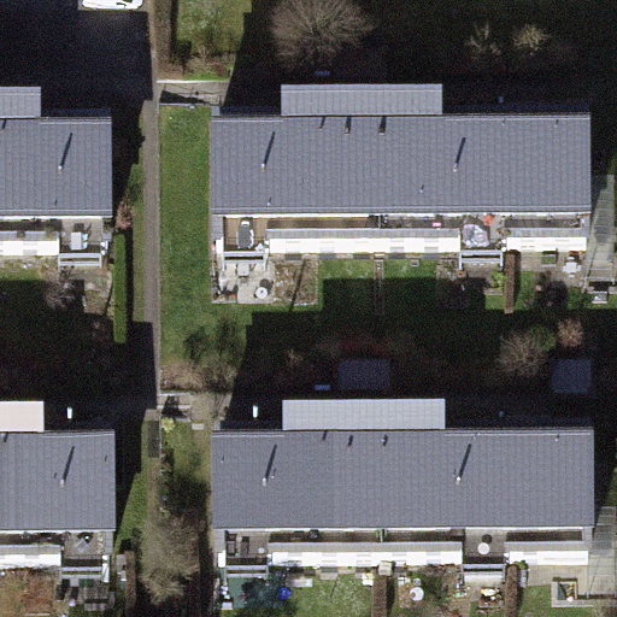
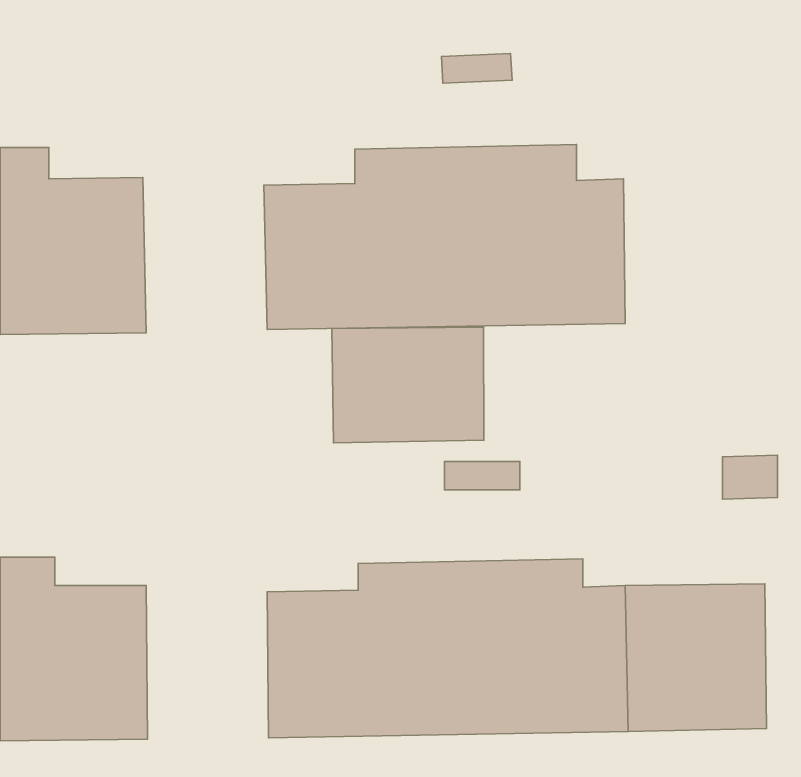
building: [480,136,588,248] -> none
building: none -> [332,327,484,443]

